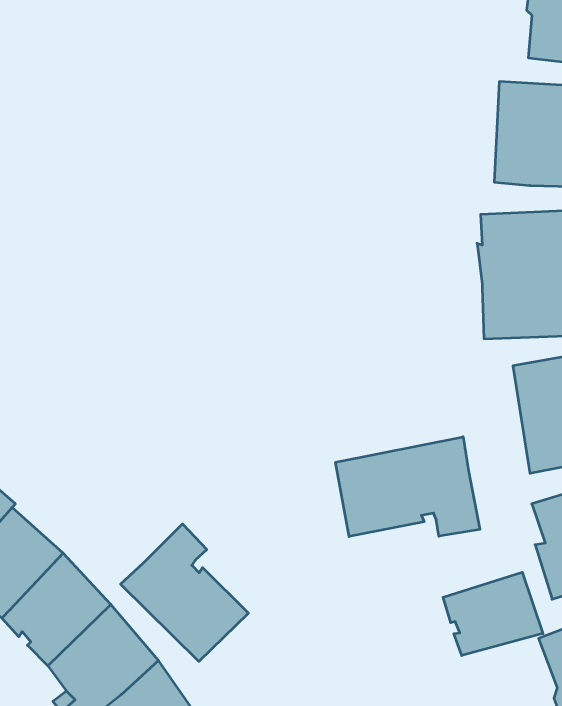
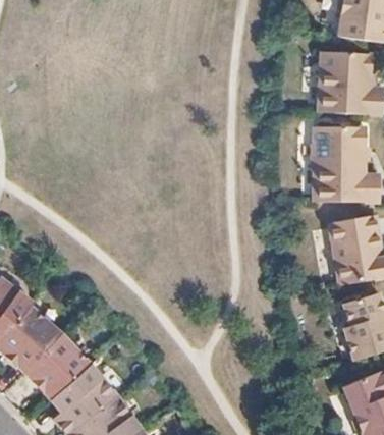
building: [336,437,480,537] -> none
building: [121,524,248,661] -> none
building: [443,572,543,656] -> none

